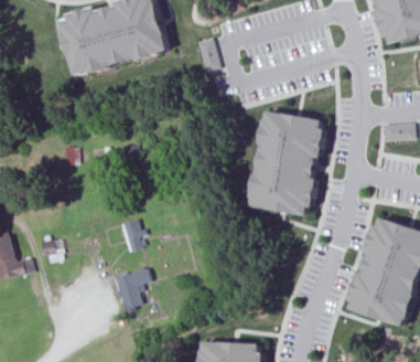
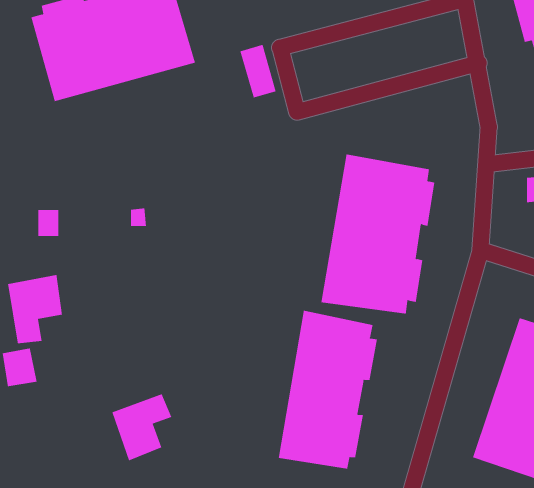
building: none -> [7,274,63,344]
building: none -> [278,310,377,469]
building: [119,219,143,251] -> none

